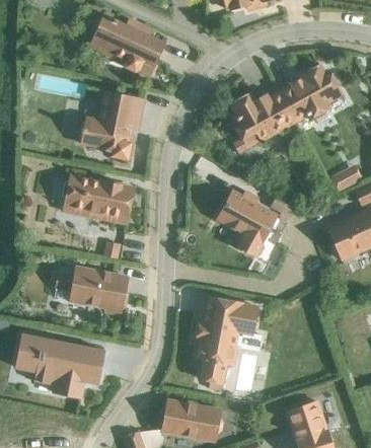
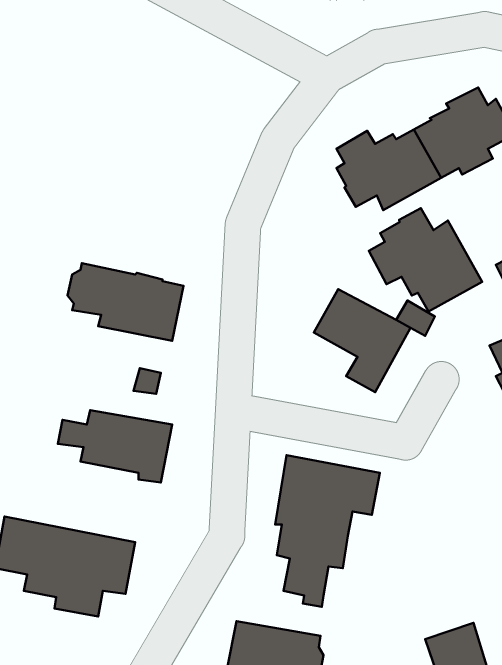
building: [94,15,164,76] -> none
building: [81,92,143,159] -> none
building: none -> [369,208,482,311]

